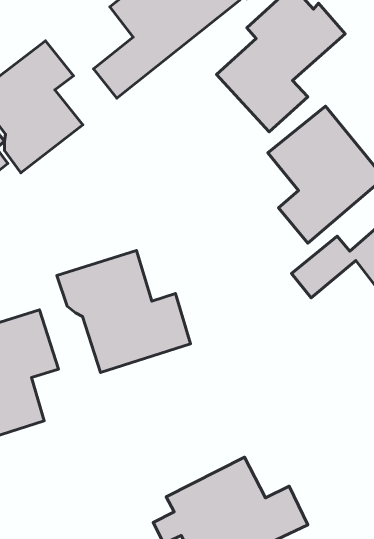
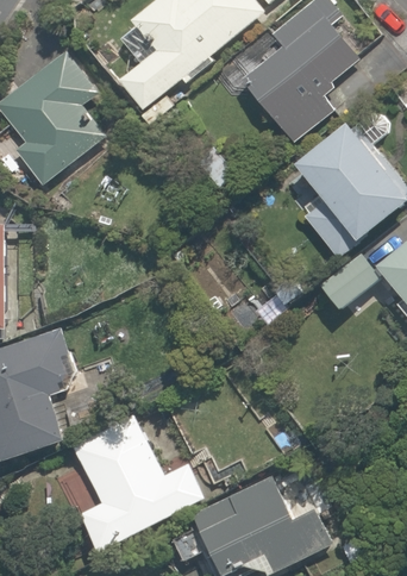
building: [57,251,191,373] -> none
building: none -> [75,434,206,550]

